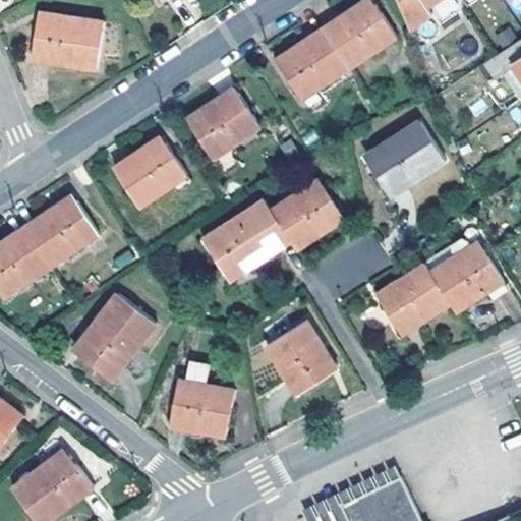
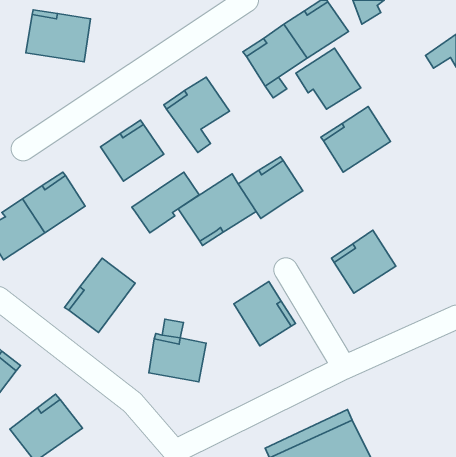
building: none -> [296,48,361,109]
building: none -> [132,172,199,233]
building: [429,236,503,311] -> none

